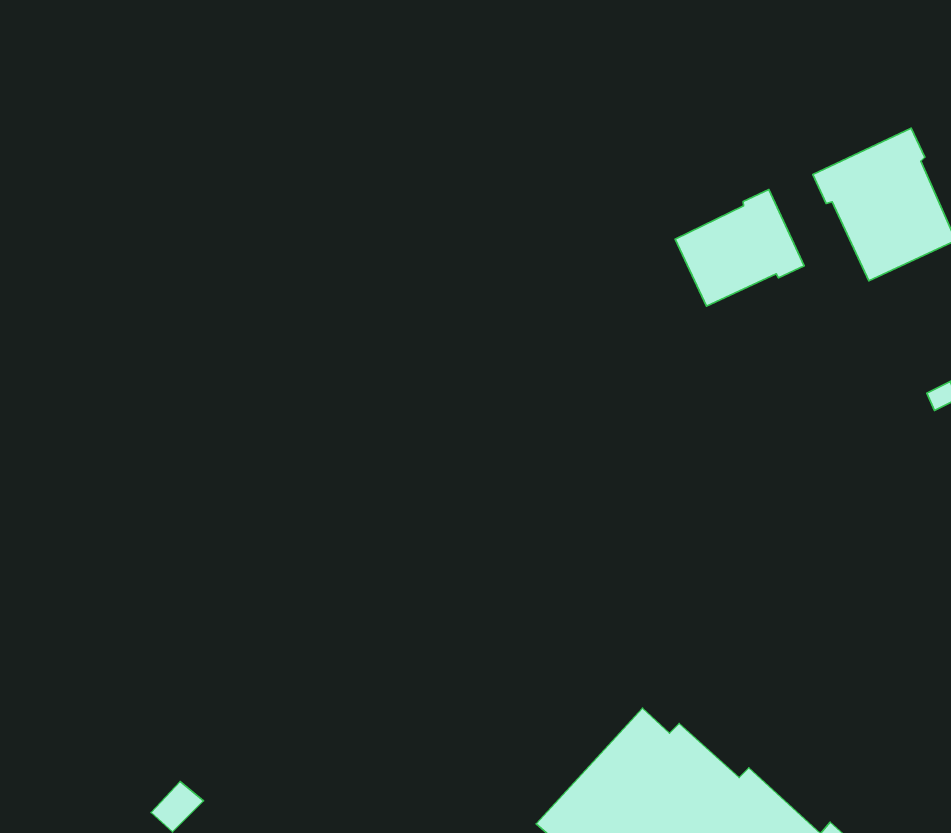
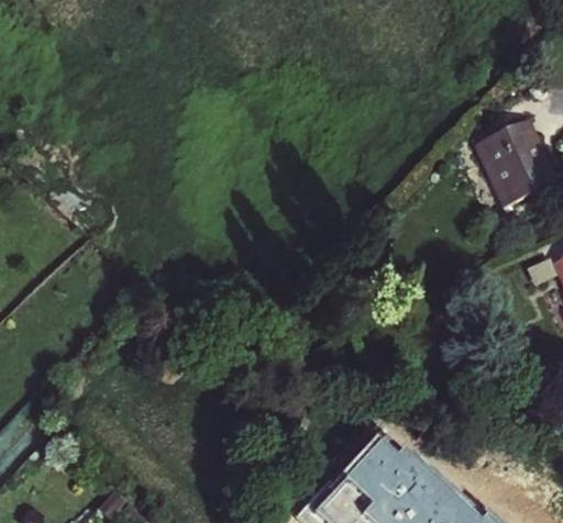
building: [675,190,804,306] -> none

